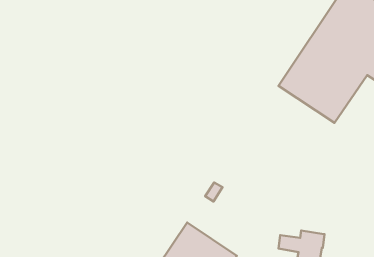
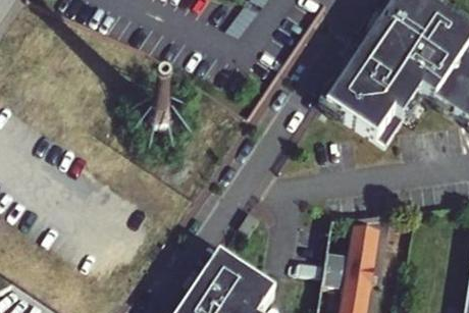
building: none -> [324,217,380,274]

